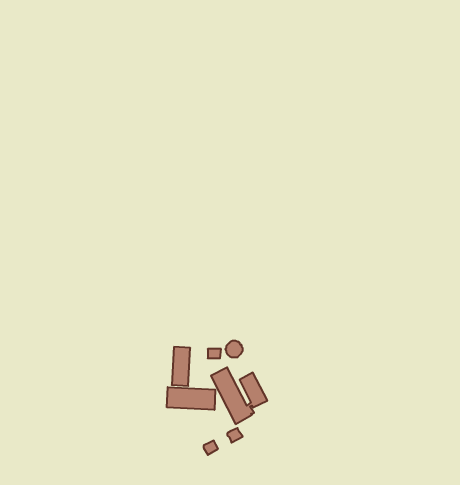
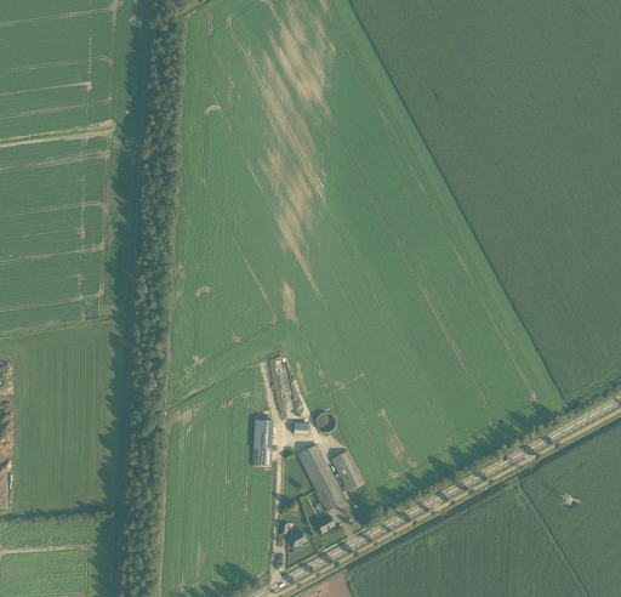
building: [167,387,215,410] -> none

